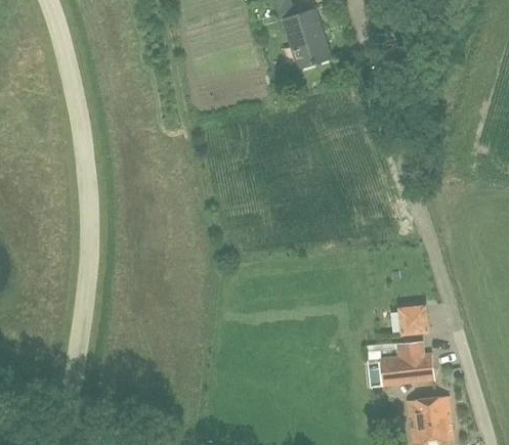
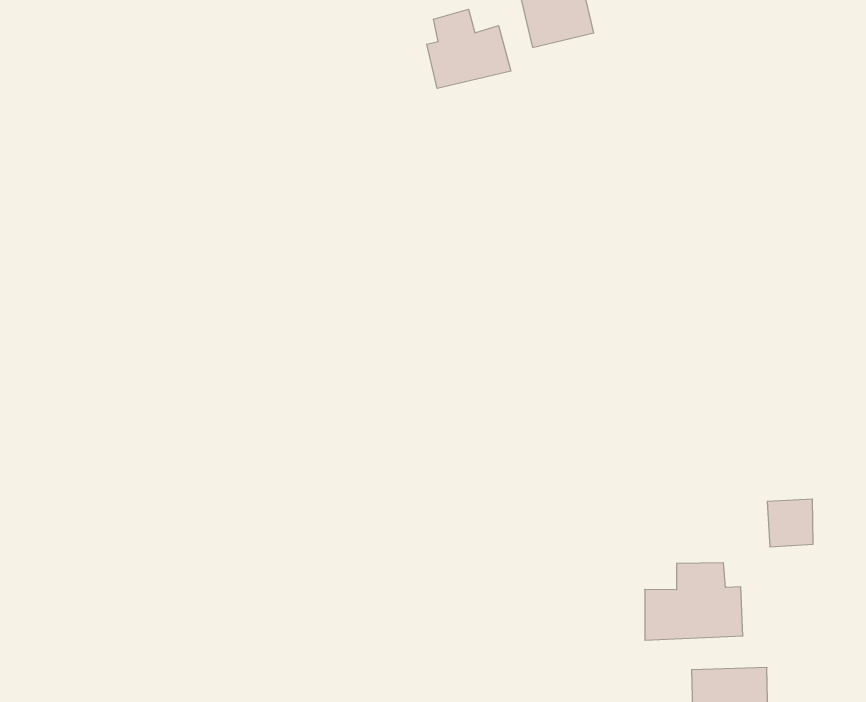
building: none -> [427,9,511,88]
building: [399,306,426,333] -> [767,499,813,547]

